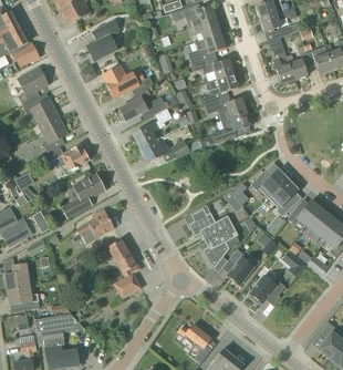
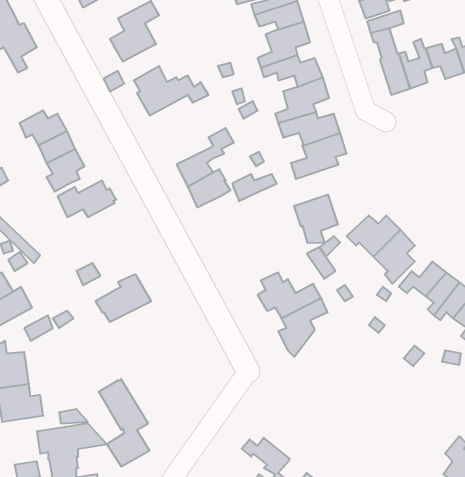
building: [18,68,49,104] -> none
building: [119,93,167,121] -> none
building: none -> [294,194,338,243]
building: [74,175,105,202] -> none
building: [107,238,143,299] -> [99,379,150,466]
building: [226,248,256,286] -> none
building: [250,276,285,304] -> none

